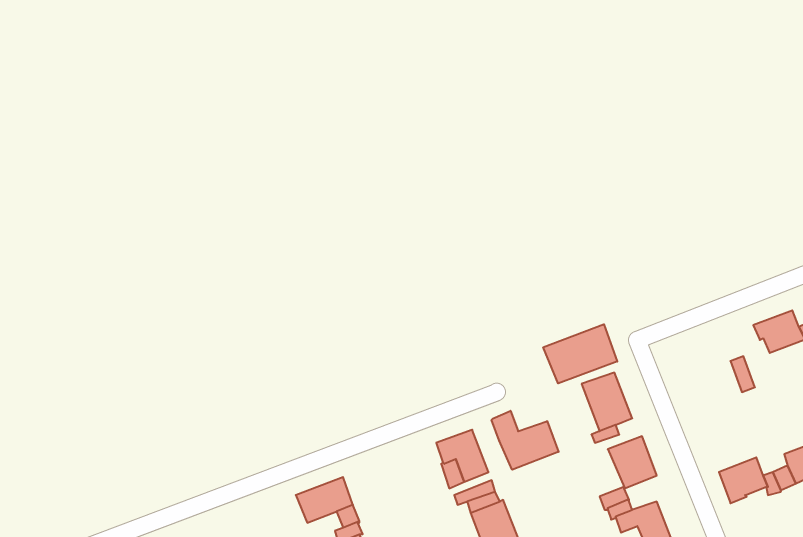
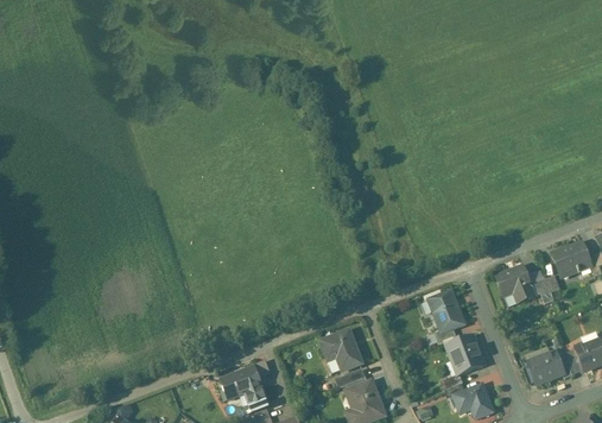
building: [543,324,617,383] -> none
building: none -> [495,265,534,301]
building: [492,411,559,470] -> none

